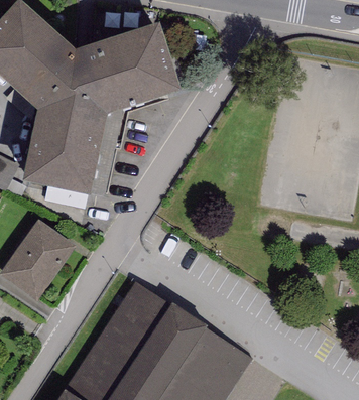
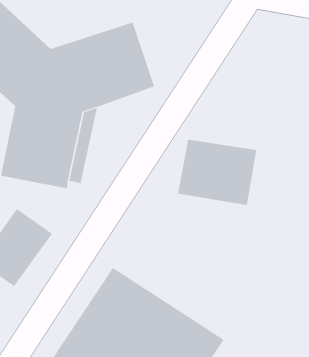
building: none -> [177,139,257,206]

